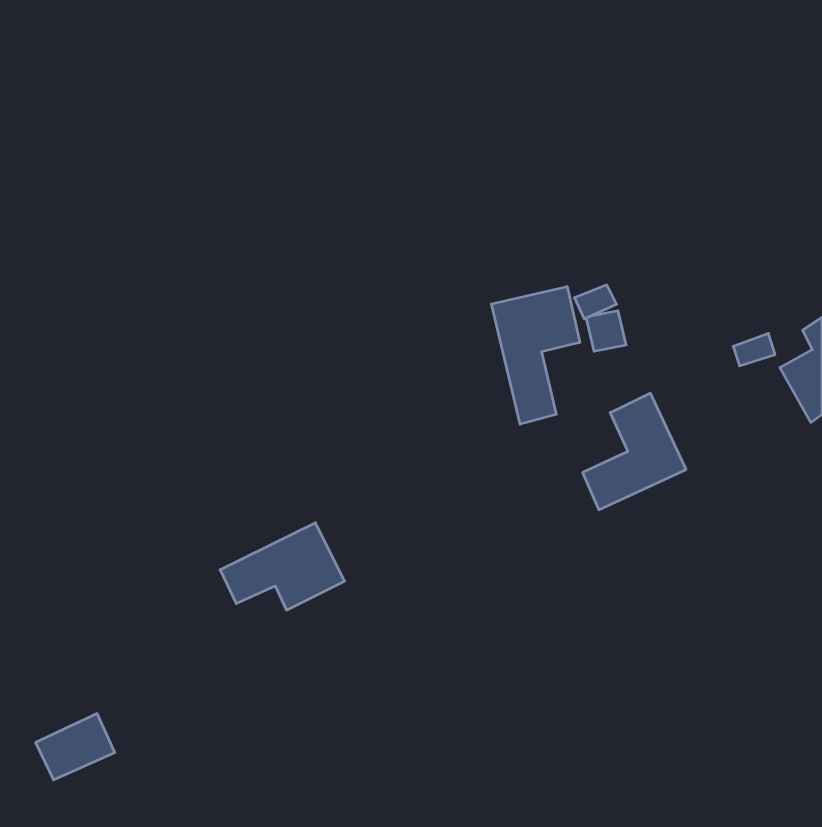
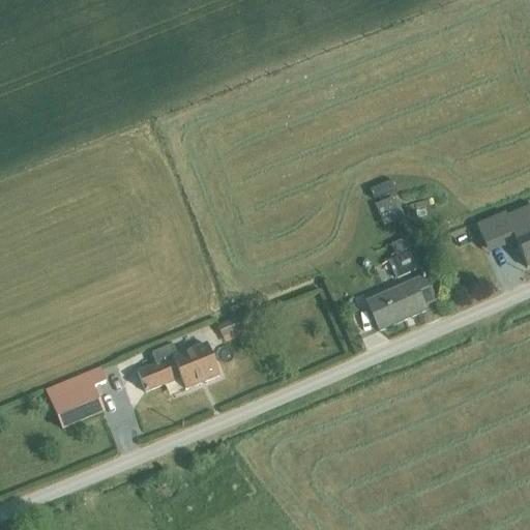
building: [491,286,580,424] -> none
building: [36,714,115,780] -> [52,381,102,423]

